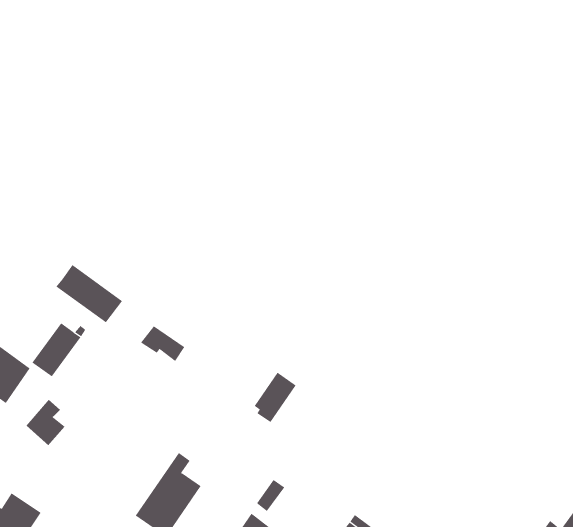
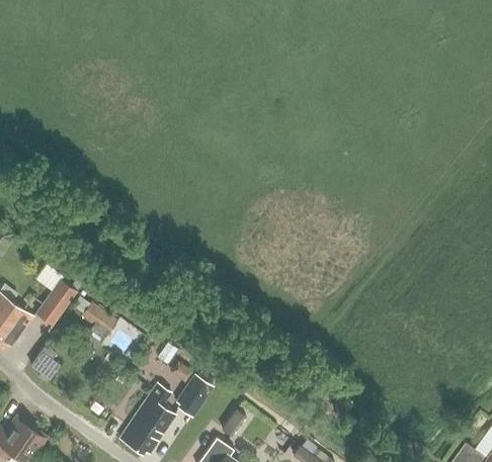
building: [56,264,123,323] -> none
building: [140,325,185,362] -> [80,303,117,334]
building: [254,372,296,423] -> [176,377,212,420]

